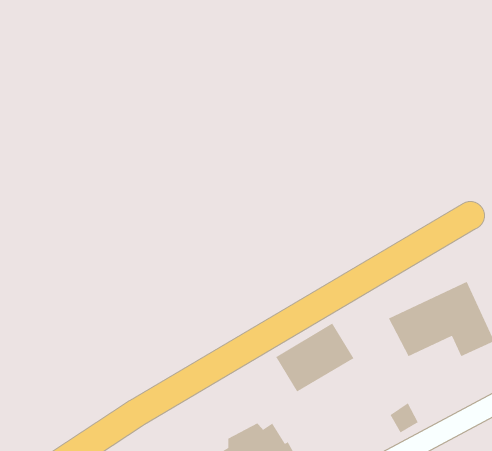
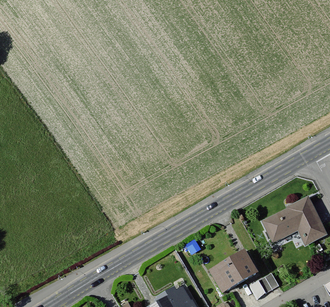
building: [275,323,354,393] -> [208,248,259,293]

